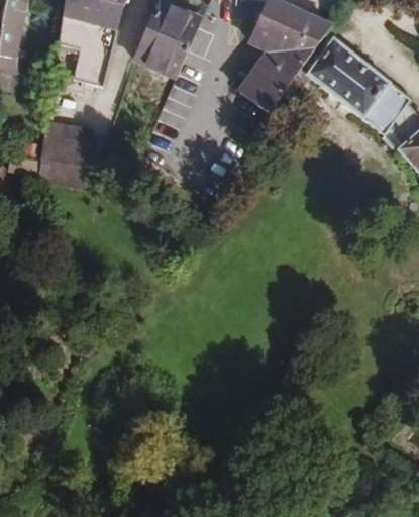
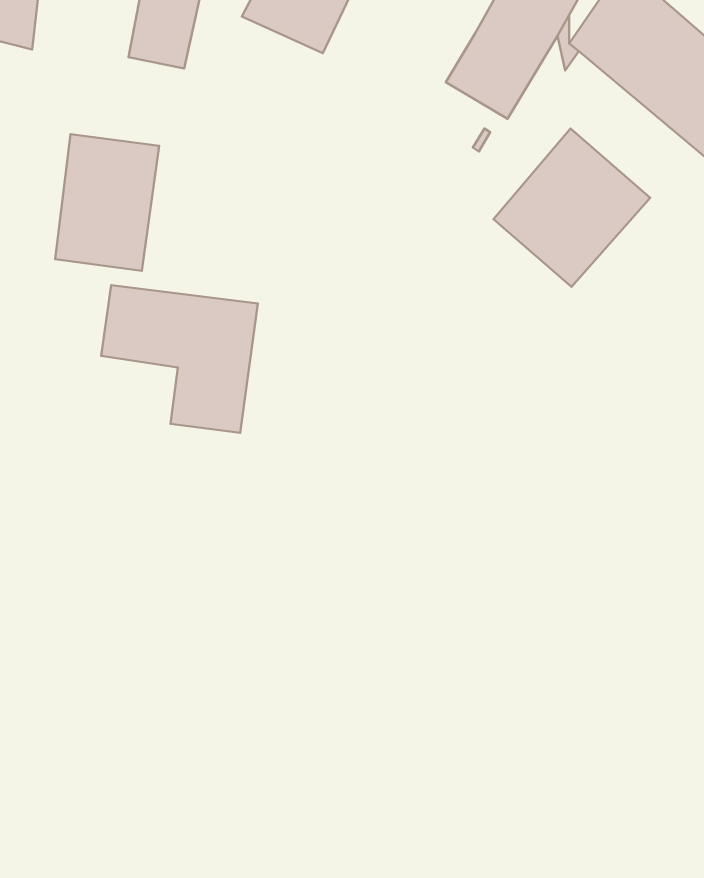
building: none -> [494,129,650,287]
building: none -> [101,285,258,433]

